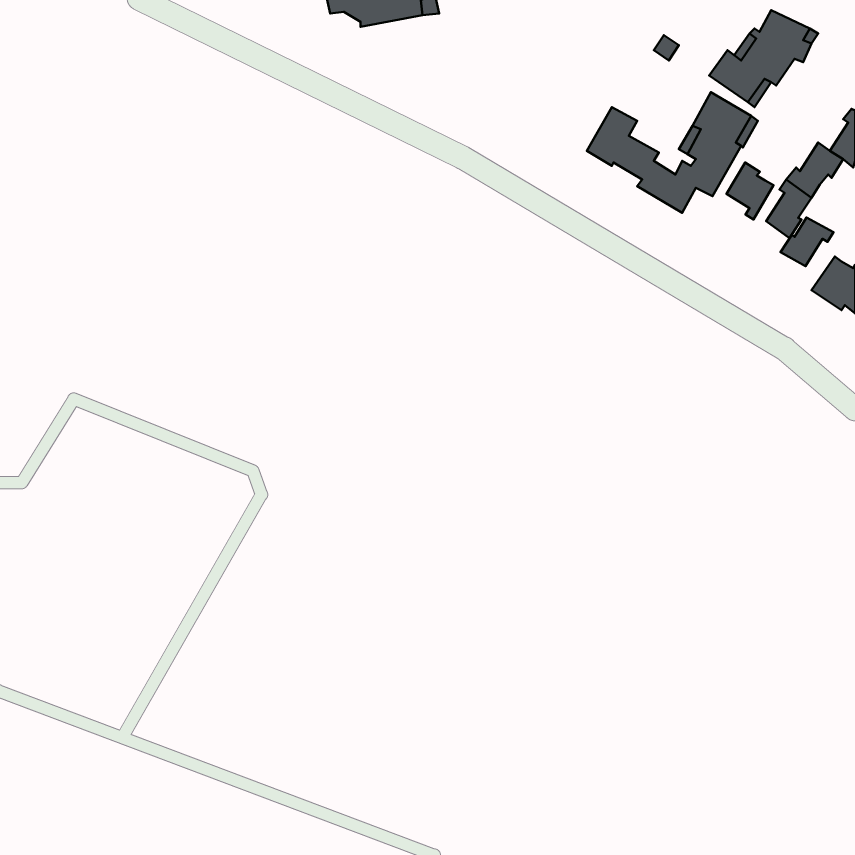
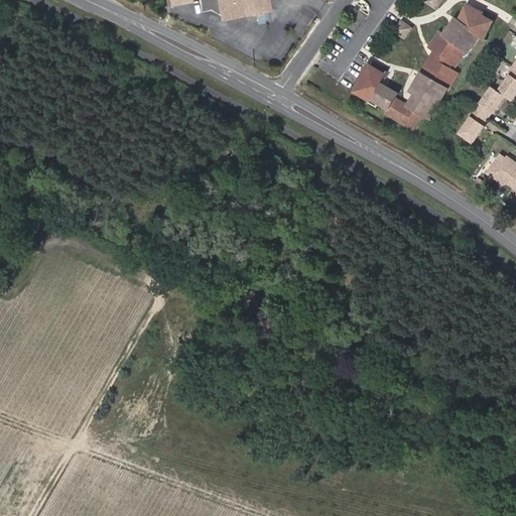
building: [727,162,773,219] -> none
building: [781,217,833,266] -> none

